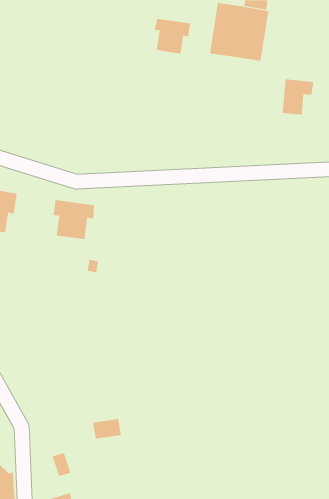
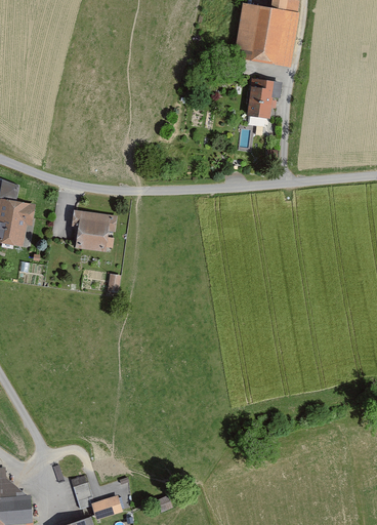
building: [154,18,191,54] -> none
building: [282,79,314,115] -> [249,80,283,118]
building: [92,419,122,439] -> [91,494,122,516]

